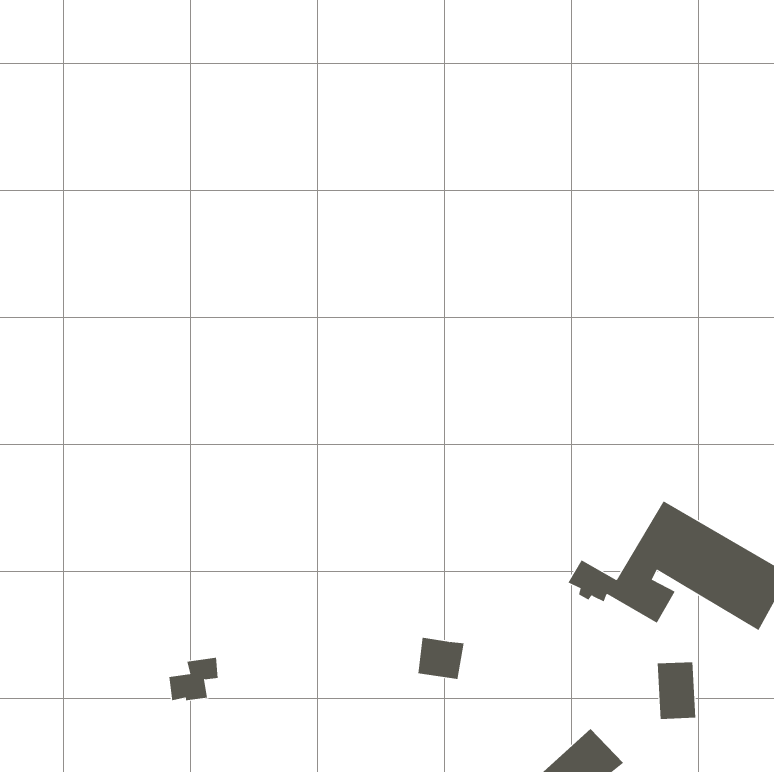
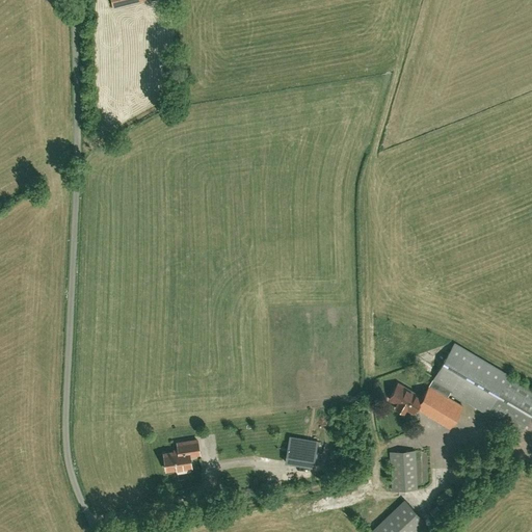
building: [168,657,218,701] -> [165,442,200,472]
building: [657,662,696,719] -> [392,452,419,491]

